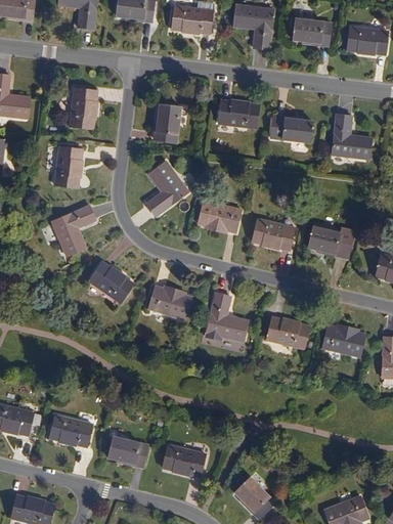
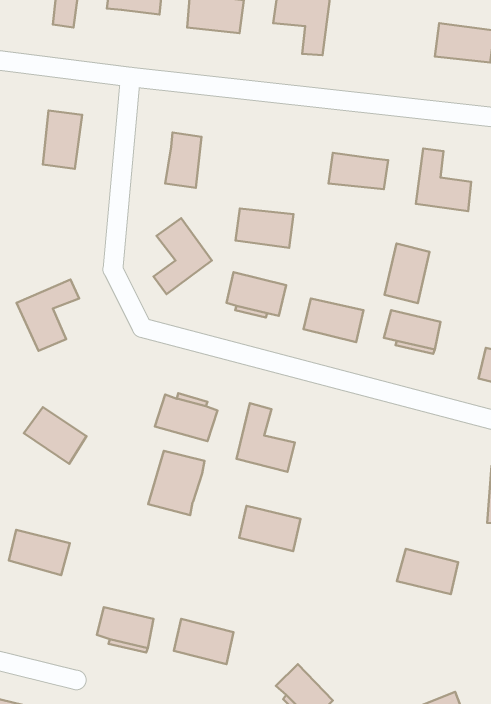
building: [291,17,330,43] -> none
building: [217,100,258,128] -> [235,208,294,248]
building: [55,146,82,187] -> none
building: none -> [385,243,430,303]
building: [88,263,132,303] -> [24,407,87,464]
building: [267,317,310,349] -> [239,506,300,551]
building: [322,325,365,357] -> [397,549,458,594]
building: none -> [148,451,204,515]
building: [49,414,92,446] -> [9,530,70,575]

